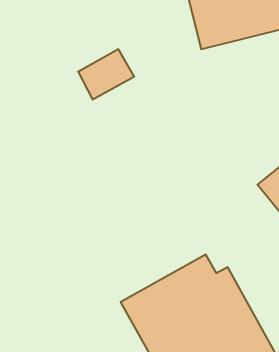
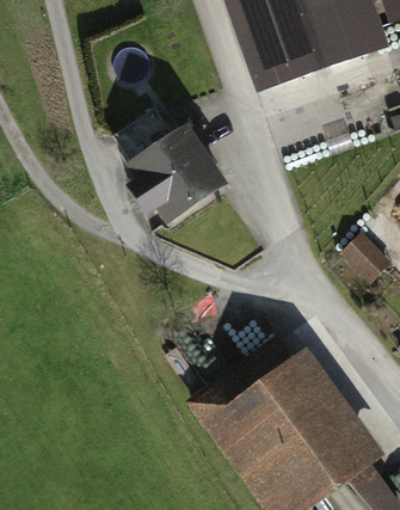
building: none -> [128,128,224,223]

